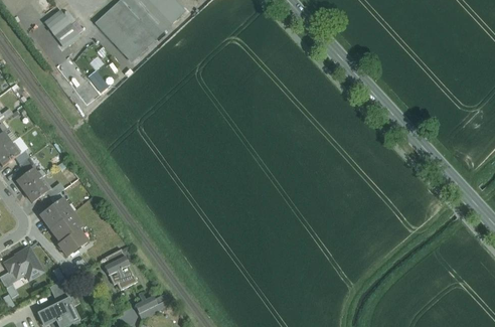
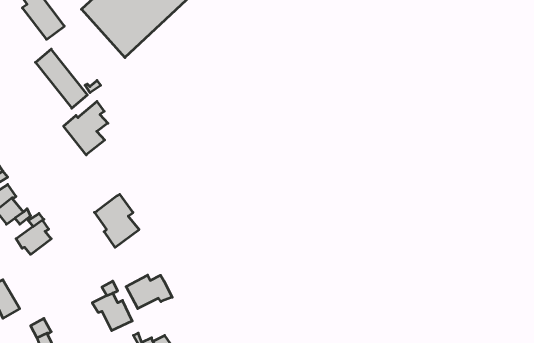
building: none -> [64,101,108,155]
building: [50,212,88,257] -> [94,194,139,247]
building: none -> [126,275,172,309]

